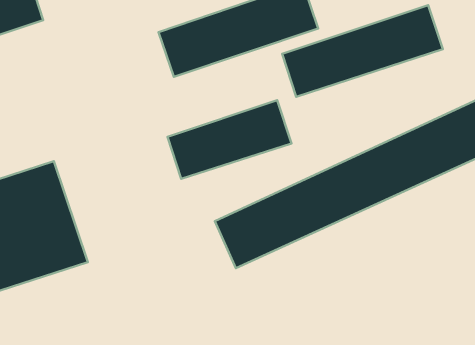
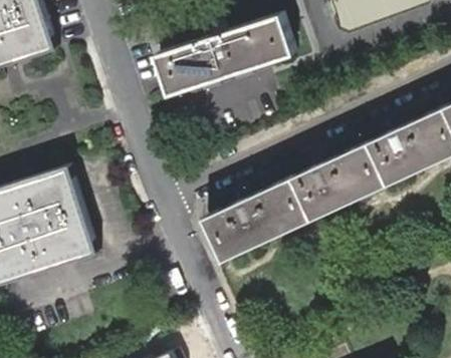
building: [282,5,443,97] -> none
building: [168,100,291,179] -> none

